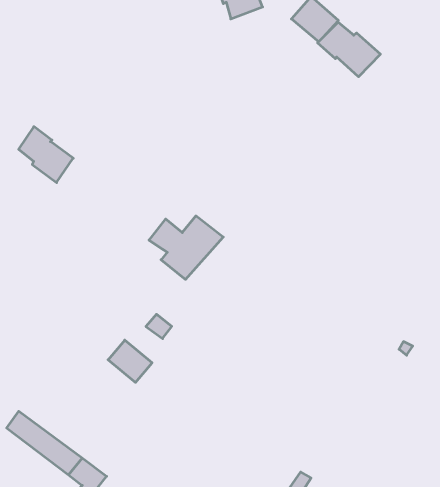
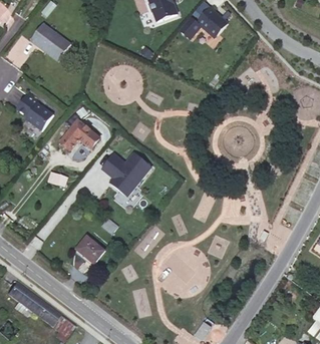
building: none -> [30,22,70,61]
building: [318,22,380,77] -> none
building: none -> [60,119,99,148]

